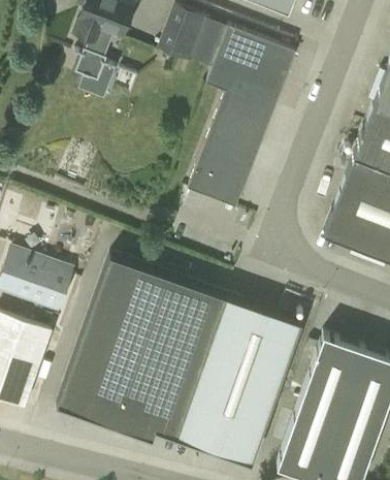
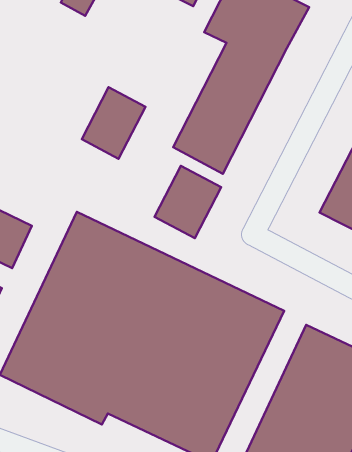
building: none -> [82,87,146,159]
building: none -> [154,166,221,238]

